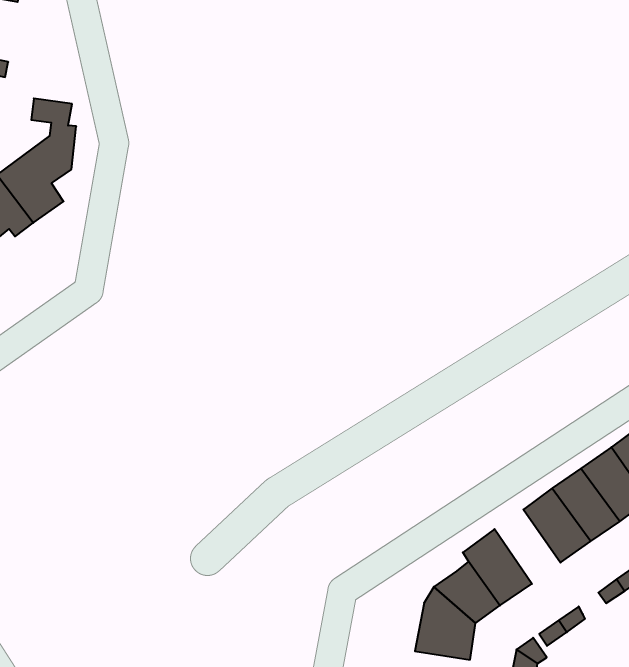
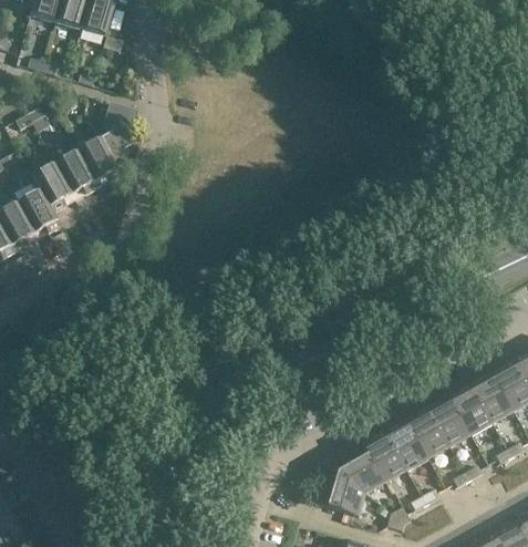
building: none -> [386,417,428,468]

